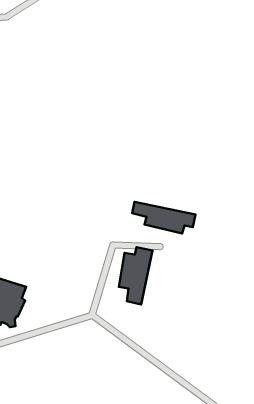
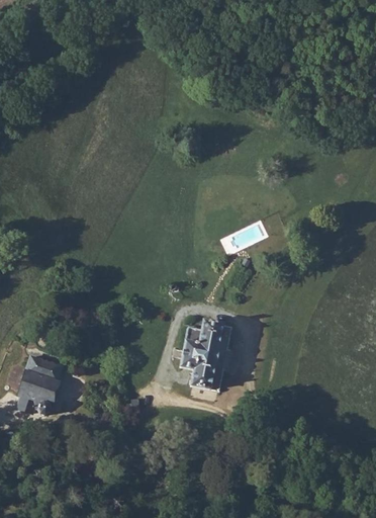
building: [132,202,196,233] -> none

